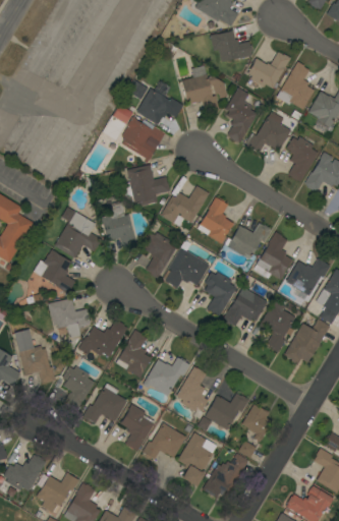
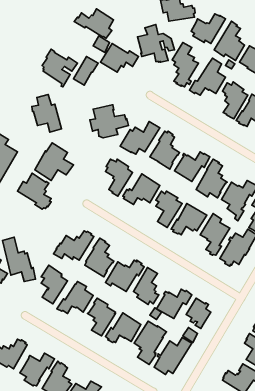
building: none -> [74,9,113,38]
building: [122,116,166,163] -> [42,49,78,87]
building: [101,202,137,249] -> [32,94,61,132]
building: [48,298,91,338] -> none

